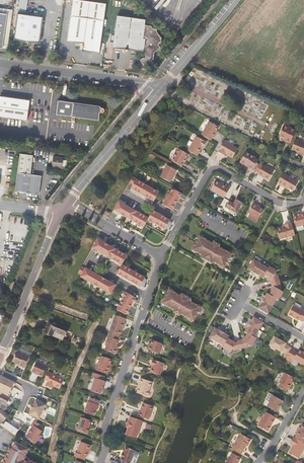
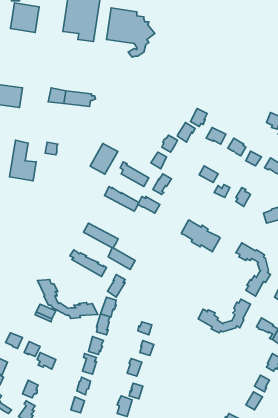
building: none -> [90,143,118,174]
building: [161,288,201,320] -> none
building: none -> [37,280,98,319]

